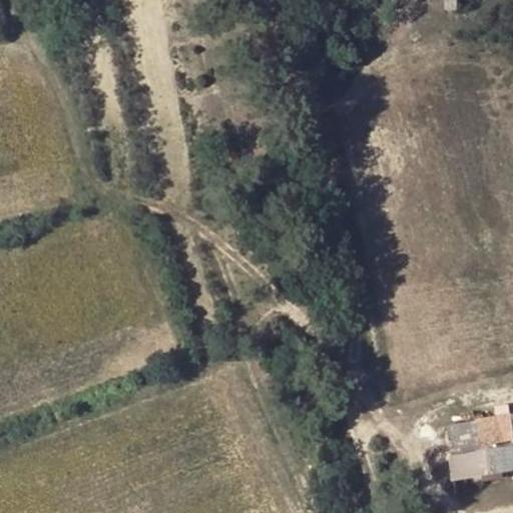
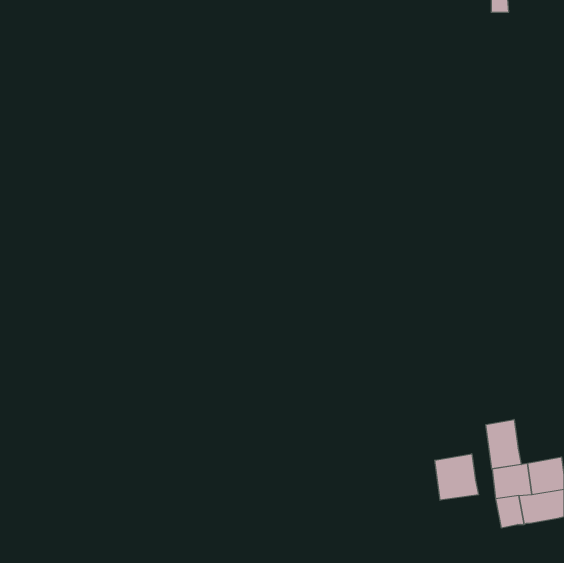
building: none -> [486,419,521,469]
building: none -> [435,454,479,500]

